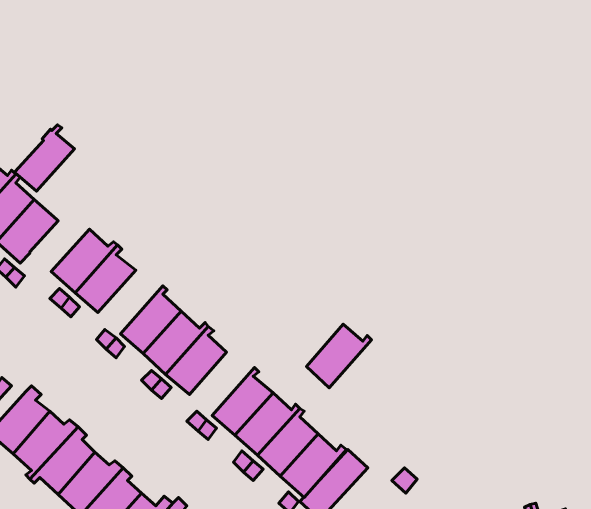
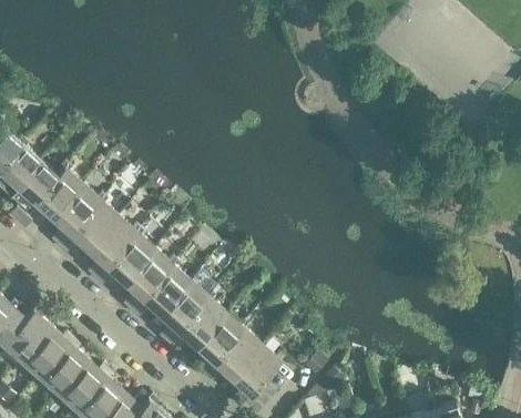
building: [15,125,75,191] -> [35,166,82,218]
building: none -> [89,217,140,267]
building: [306,324,371,388] -> [161,282,212,332]

